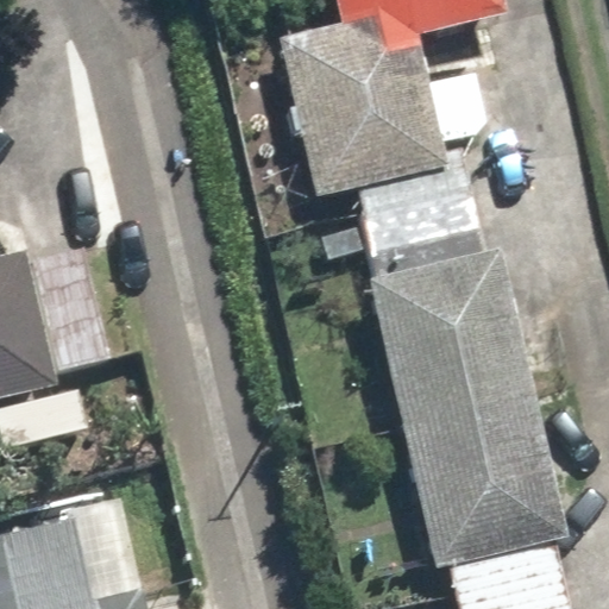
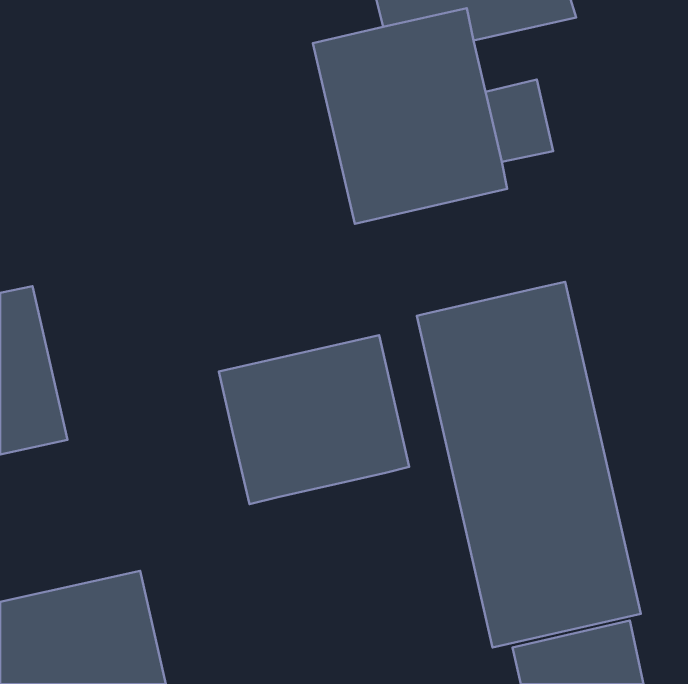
building: [319,172,477,277] -> none
building: none -> [219,335,409,504]

